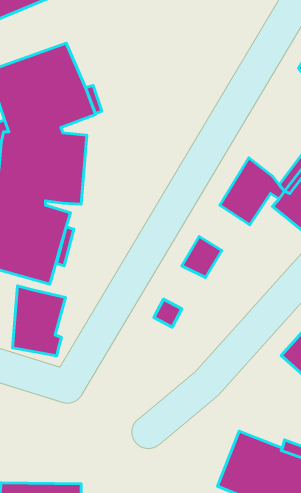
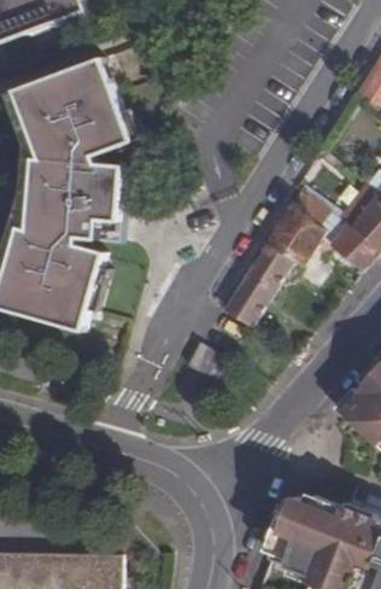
building: none -> [246,243,293,293]
building: [13,286,65,356] -> none

